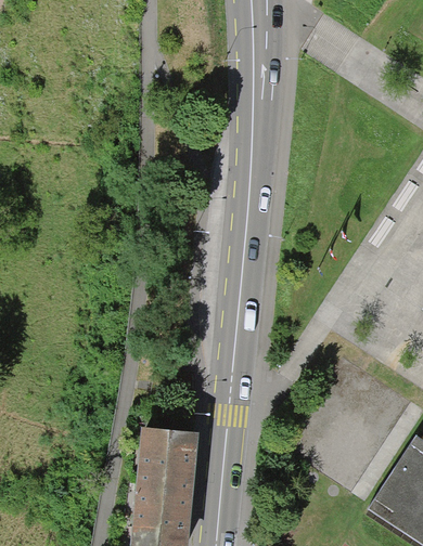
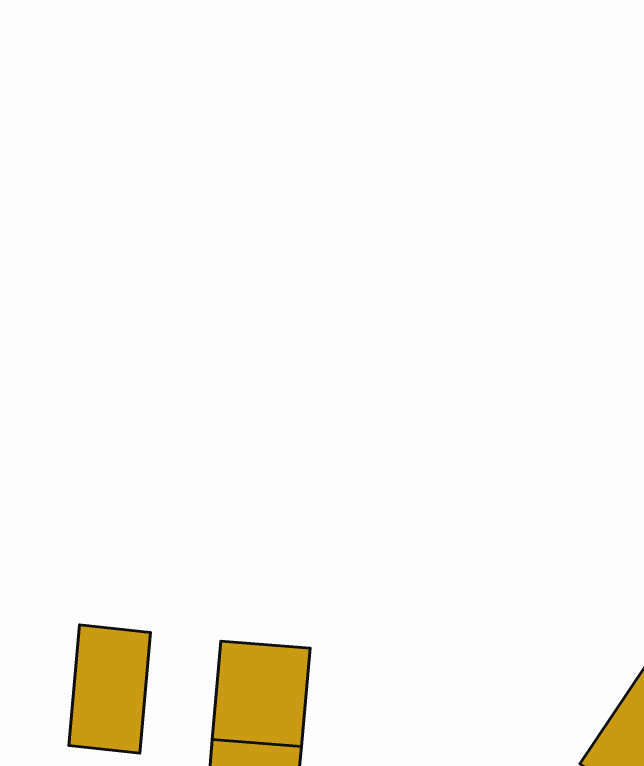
building: none -> [69,625,150,753]

